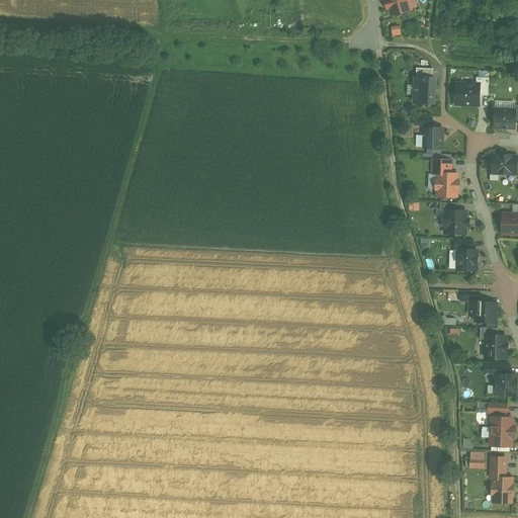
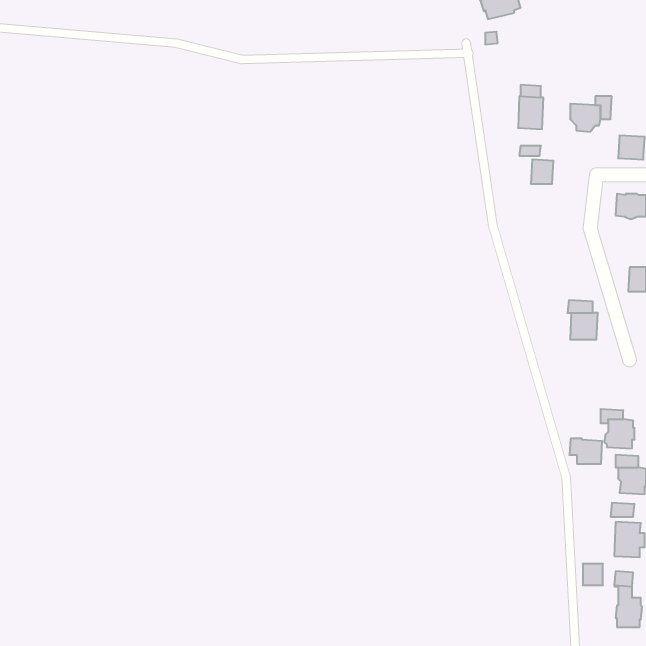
building: [432,159,458,196] -> none
building: [443,210,468,236] -> none
building: [469,300,496,321] -> [569,439,602,464]

